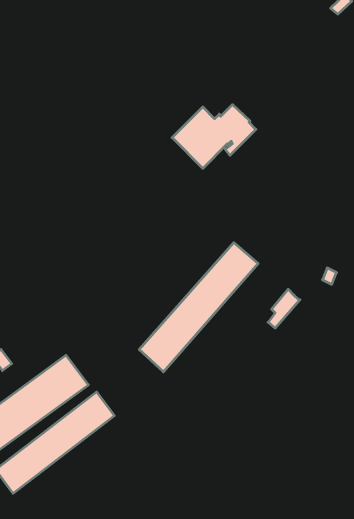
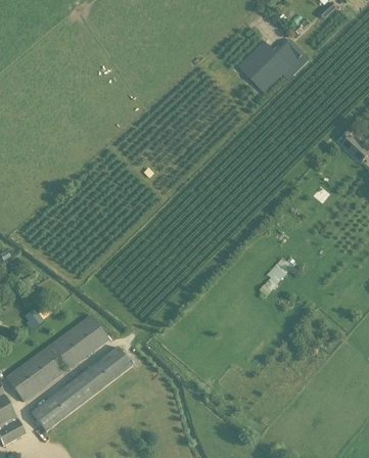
building: [172,105,256,168] -> [236,38,309,93]
building: [139,243,258,372] -> none

